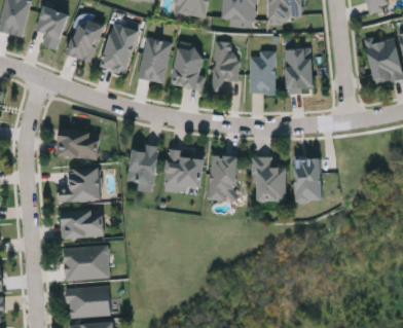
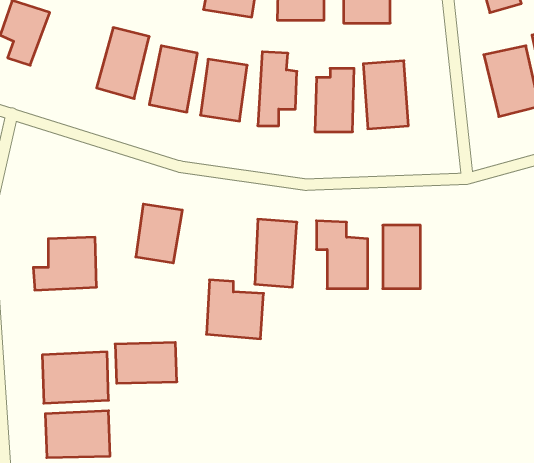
building: [67,16,104,62] -> none
building: [54,127,100,159] -> none
building: [166,148,205,188] -> [206,280,264,339]
building: [60,210,102,238] -> [115,342,177,383]

